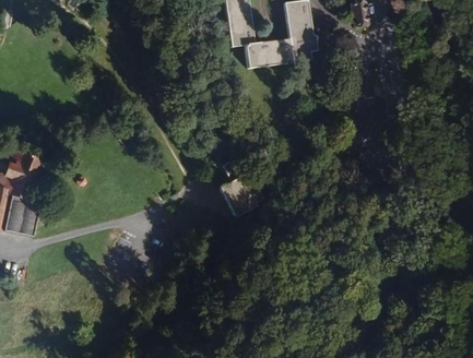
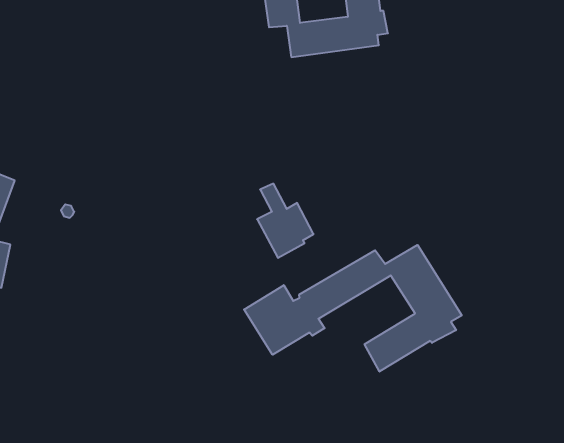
building: none -> [244,245,462,372]

